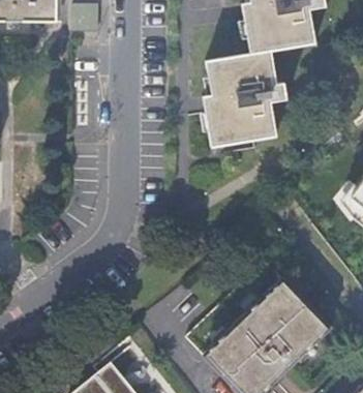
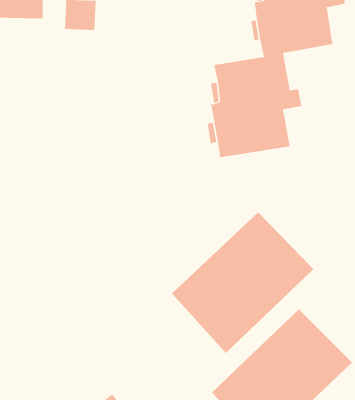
building: none -> [171,211,314,354]

